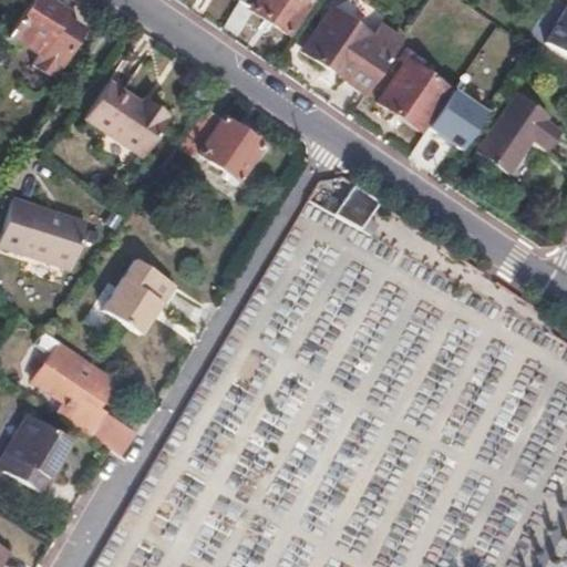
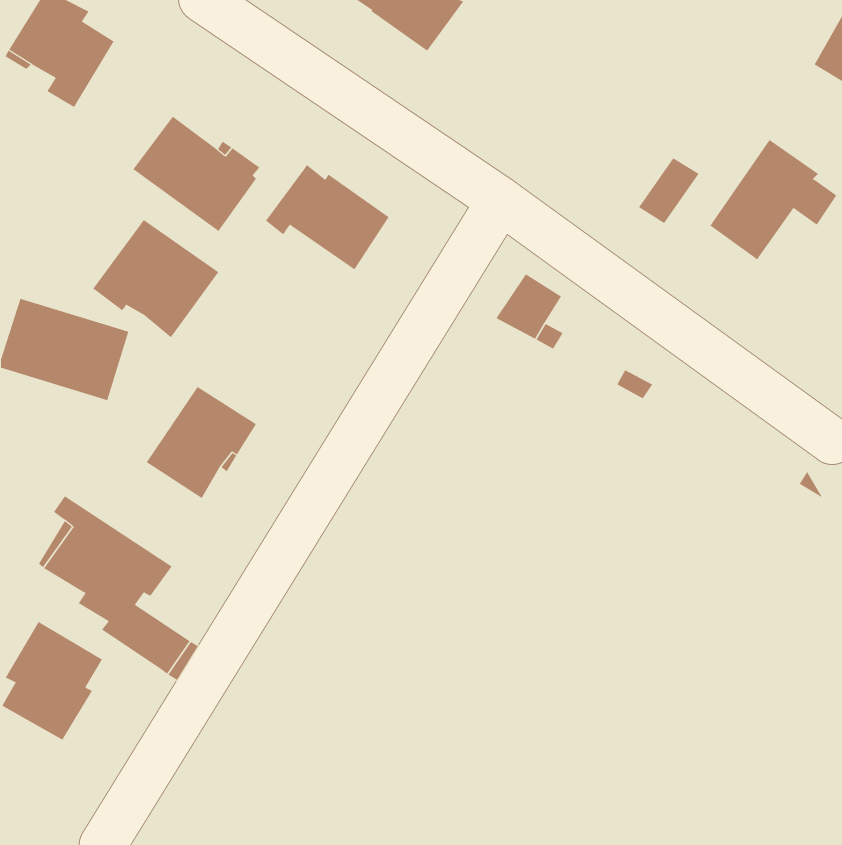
building: [303,9,404,94] -> none
building: [380,61,449,130] -> none
building: none -> [92,219,219,338]

